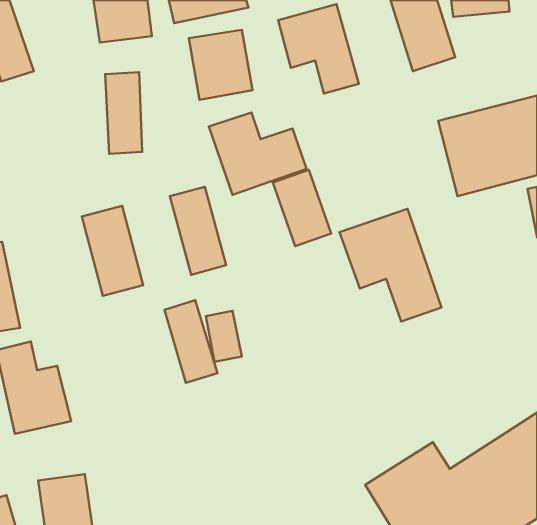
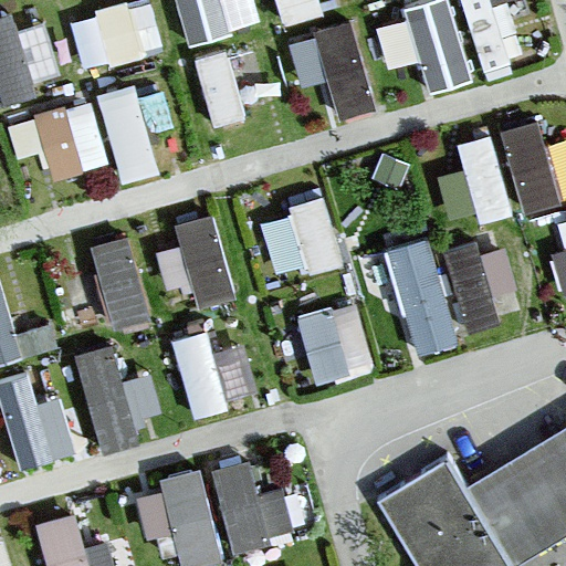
building: none -> [7,98,108,187]
building: [209,112,307,195] -> none
building: none -> [454,249,511,322]
building: none -> [277,310,368,388]
building: none -> [80,344,160,439]
building: none -> [134,461,287,559]

